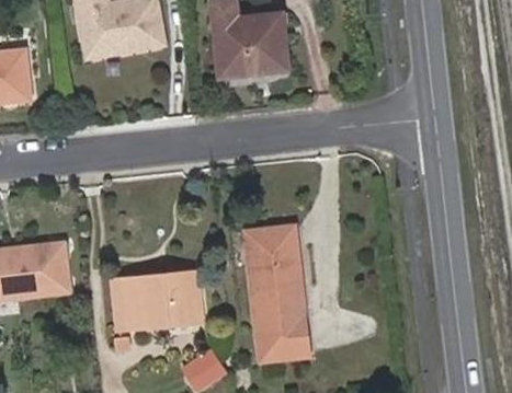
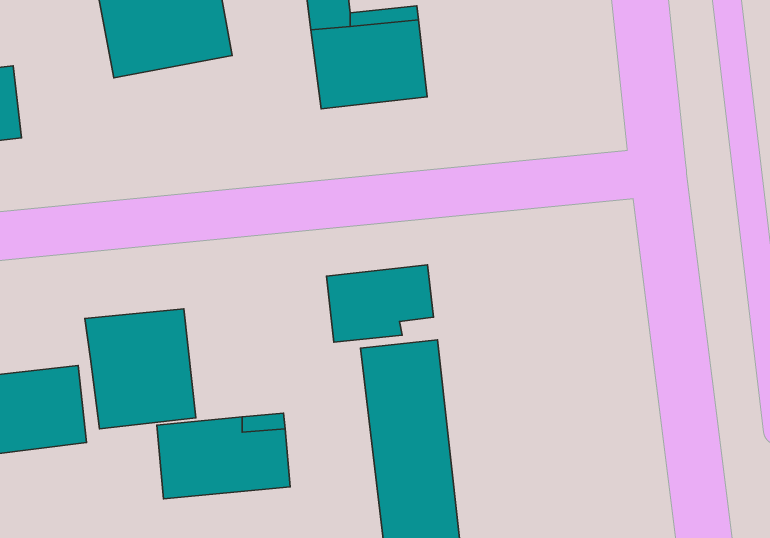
building: none -> [327,265,433,342]
building: none -> [85,309,196,429]

